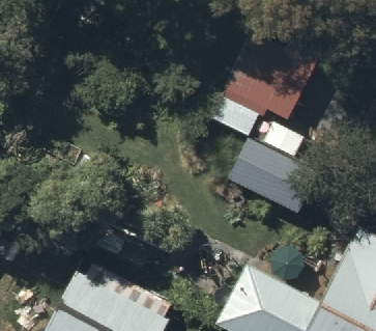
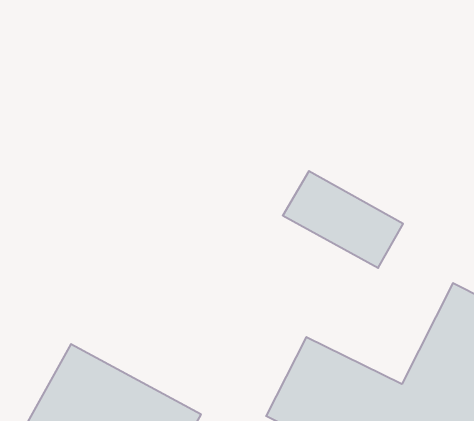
building: [215,45,318,148] -> none

